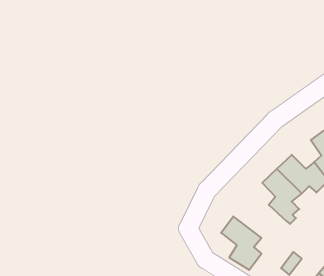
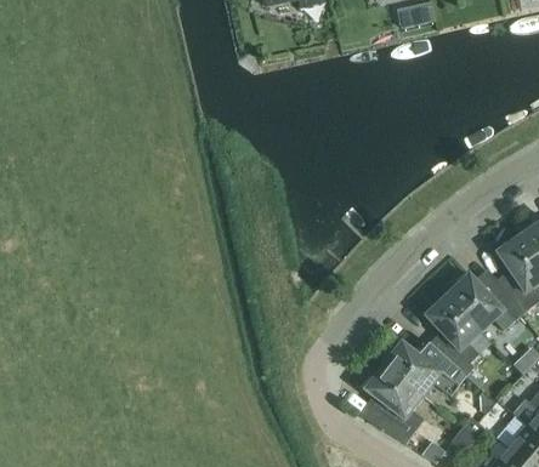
building: none -> [382,340,461,394]

